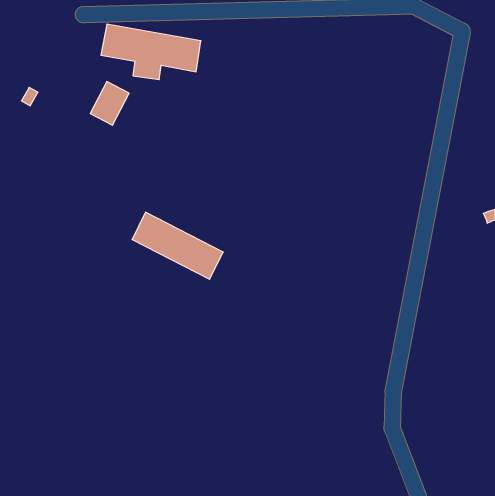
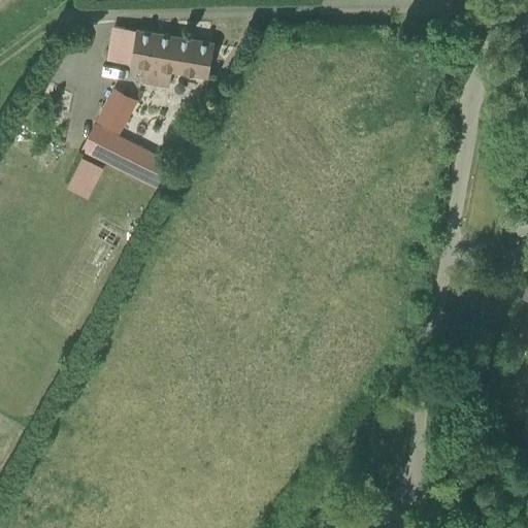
building: [132,212,223,279] -> [81,123,178,194]

